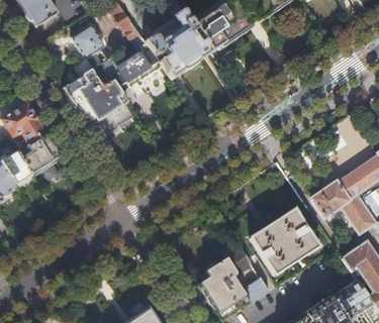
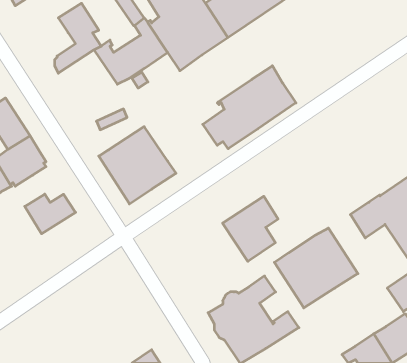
building: [64,62,127,125] -> [99,127,176,204]
building: none -> [203,66,296,149]
building: none -> [25,194,76,234]
building: none -> [223,196,278,261]

